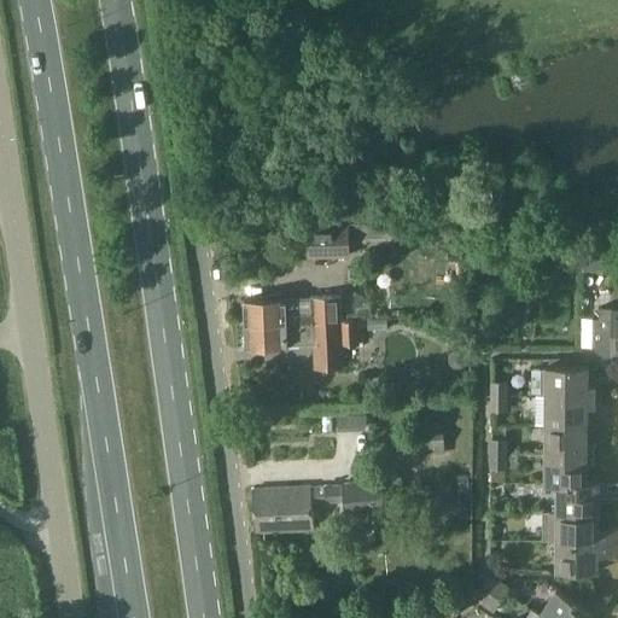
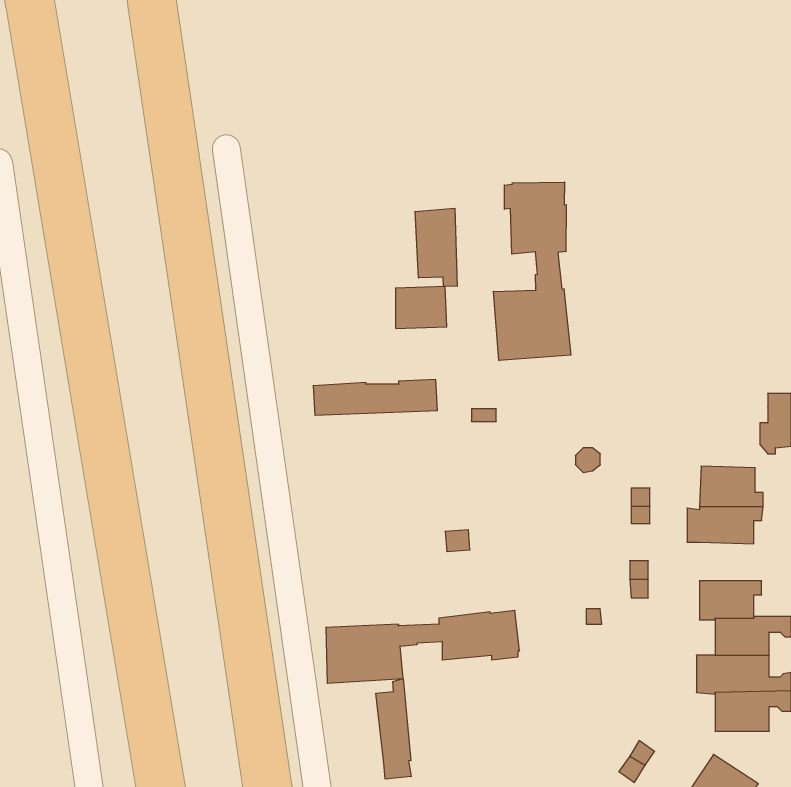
building: none -> [494,182,571,361]
building: none -> [415,208,457,287]
building: [245,323,363,371] -> none
building: [544,426,593,456] -> none
building: none -> [376,679,411,779]

